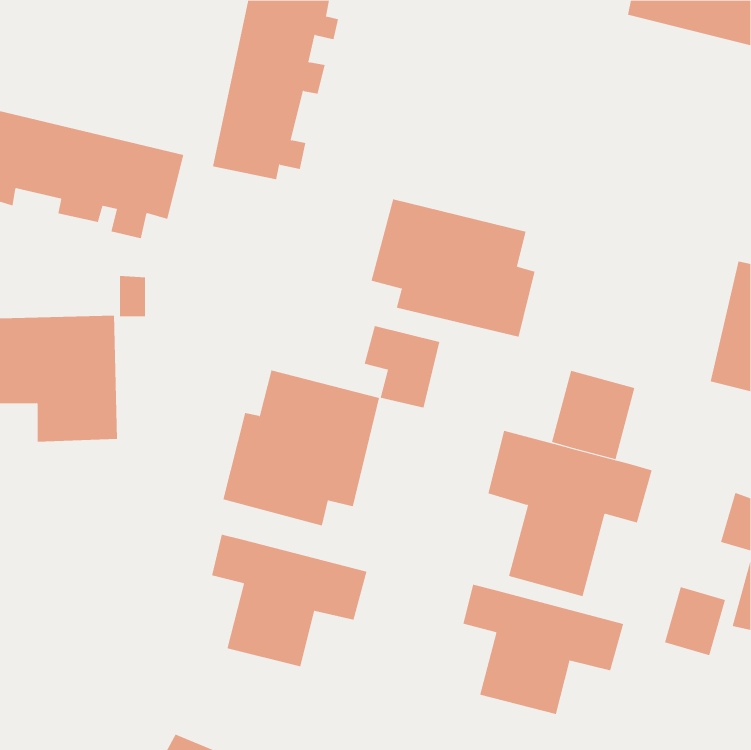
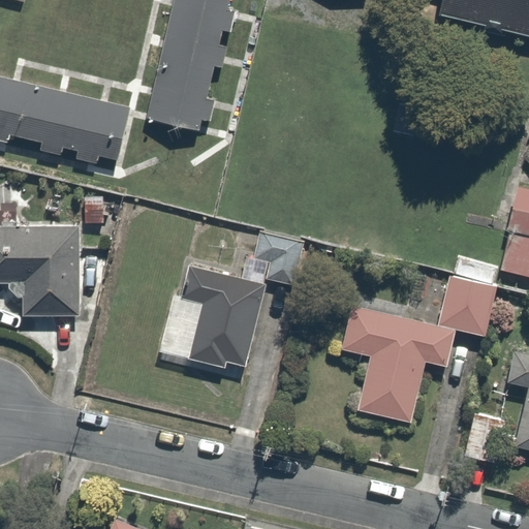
building: [371,199,535,337] -> none
building: [551,370,635,460] -> [443,277,502,340]
building: [212,534,367,667] -> none
building: [463,584,624,715] -> none

